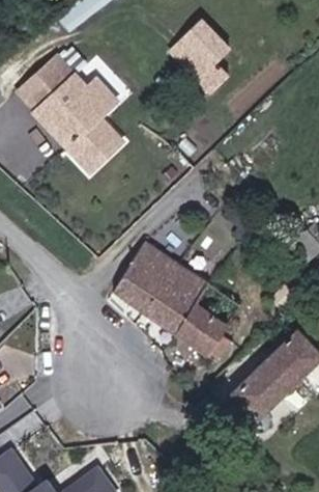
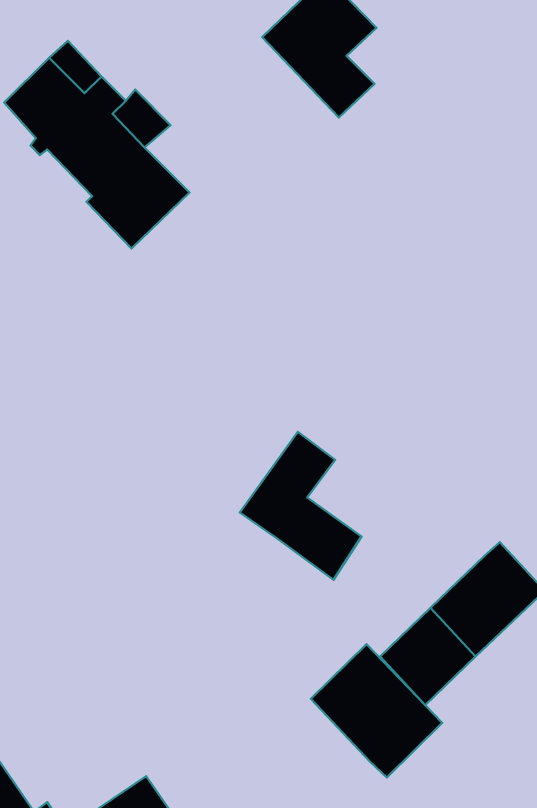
building: [113,244,184,317] -> none
building: none -> [311,644,442,778]

